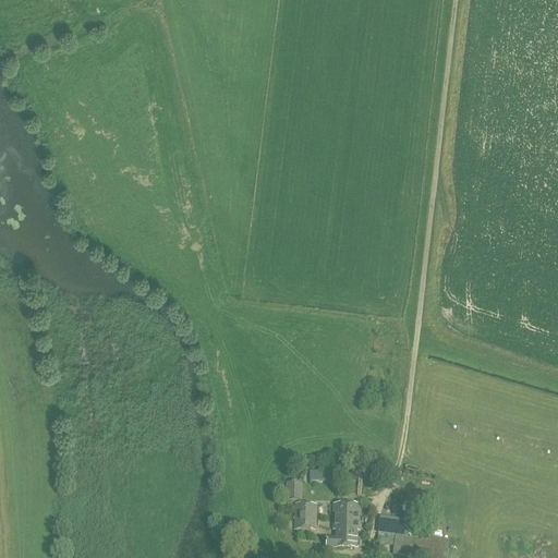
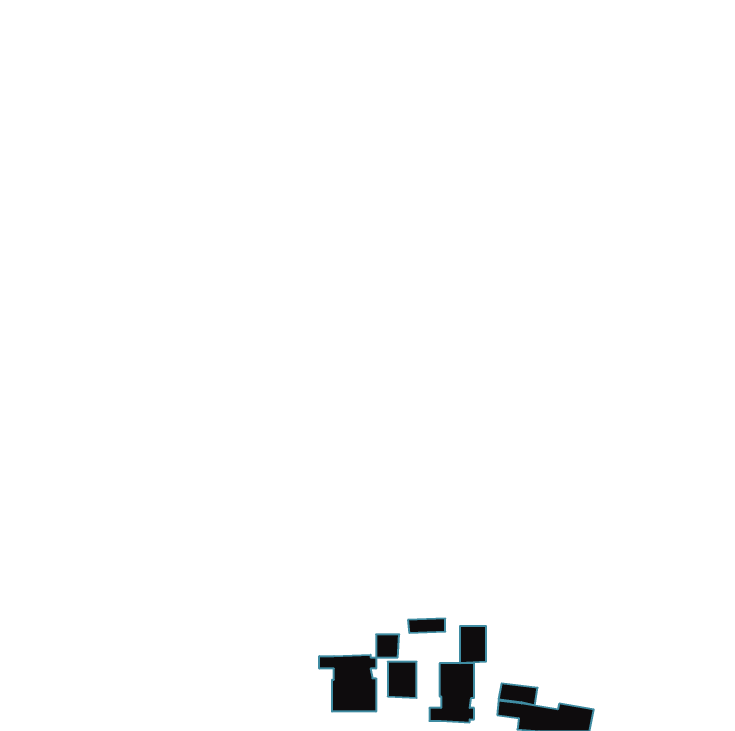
building: none -> [460,626,486,663]
building: none -> [319,655,376,712]

